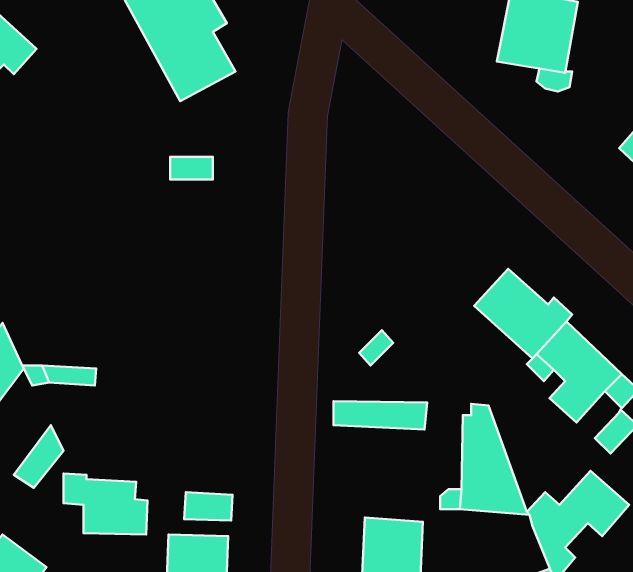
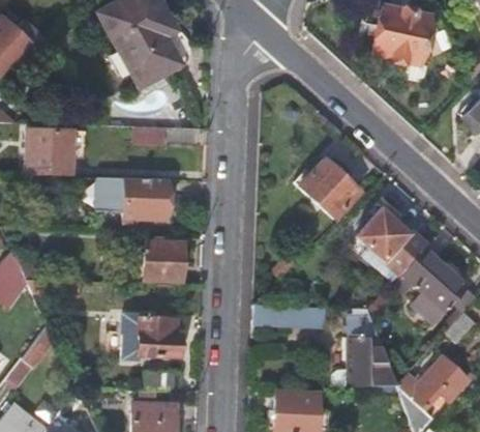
building: none -> [25,127,73,175]
building: none -> [299,157,362,219]
building: none -> [98,177,168,223]
building: none -> [145,238,186,282]
building: [64,473,147,535] -> [121,312,182,356]

